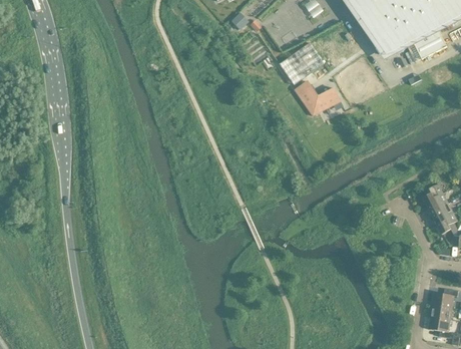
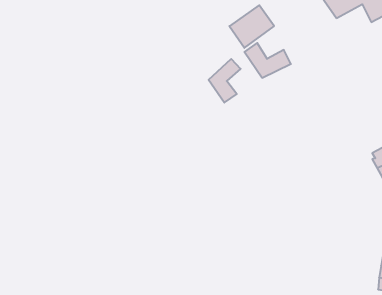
building: none -> [209,59,241,103]

